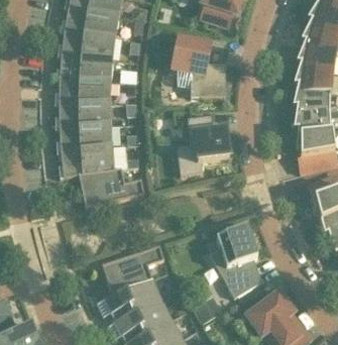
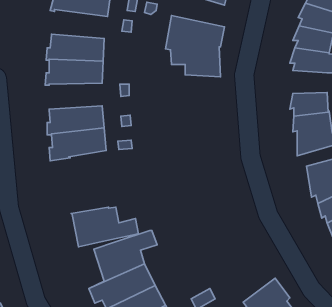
building: [58,31,115,60] -> none
building: [292,91,329,113] -> none
building: [55,103,110,129] -> none
building: [177,115,228,176] -> none
building: [78,168,143,207] -> [71,207,139,247]
building: [209,227,262,298] -> none

